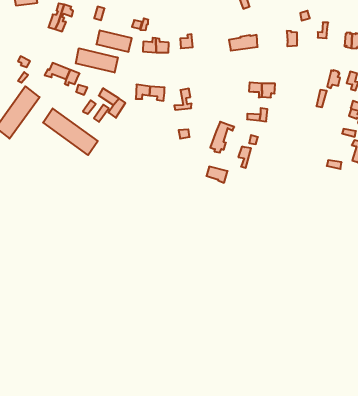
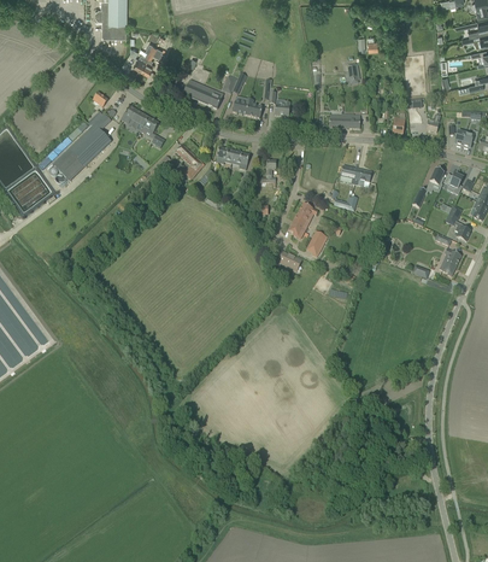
building: [76,48,118,73] -> none
building: [43,108,98,155] -> none

